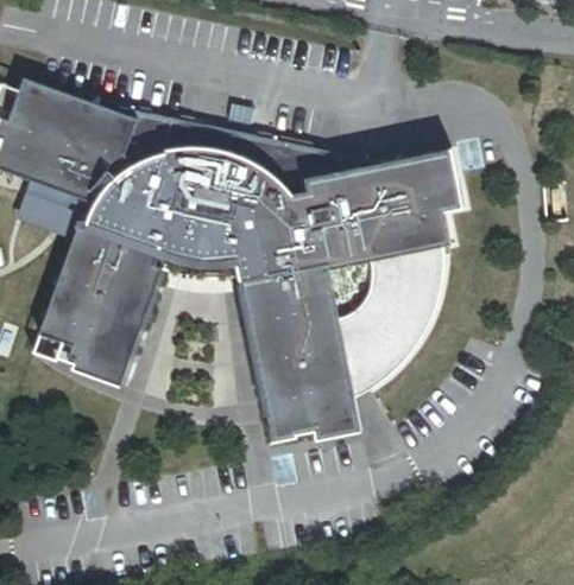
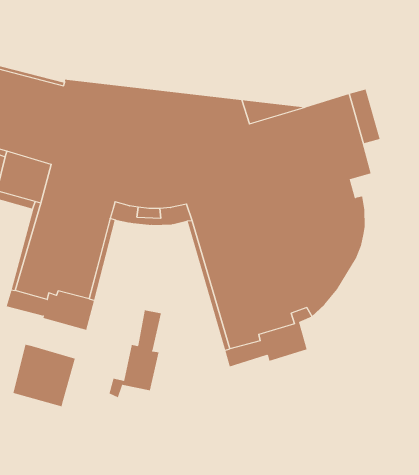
building: none -> [109,309,162,398]
building: none -> [13,344,76,407]

